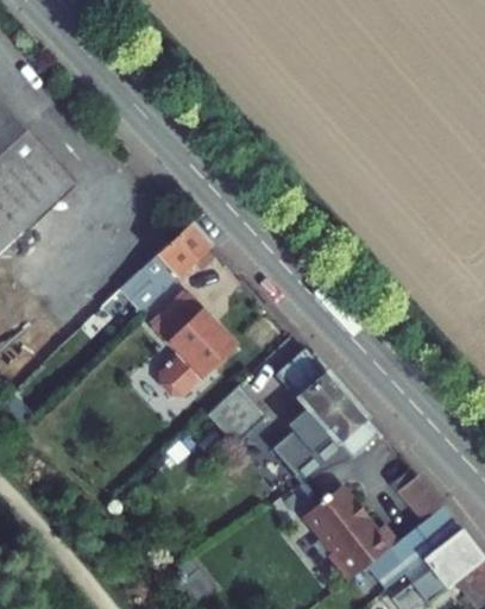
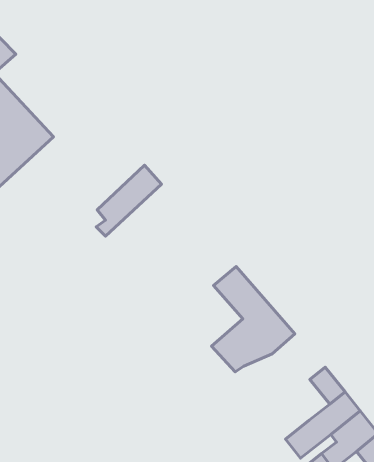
building: [150,291,237,396] -> none
building: [207,383,266,442] -> none
building: [303,486,396,578] -> none

